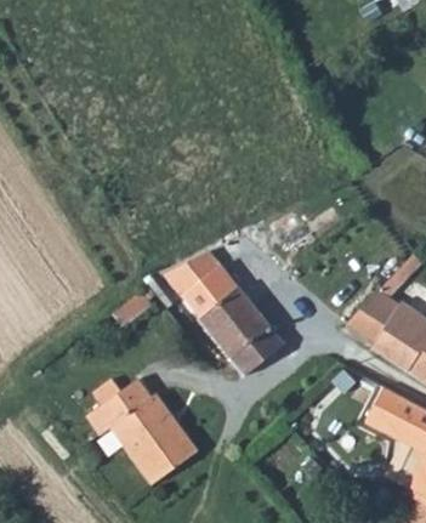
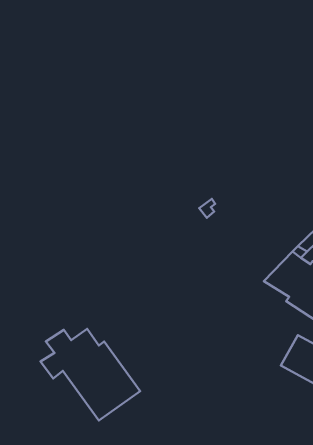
building: [161,251,283,376] -> none

